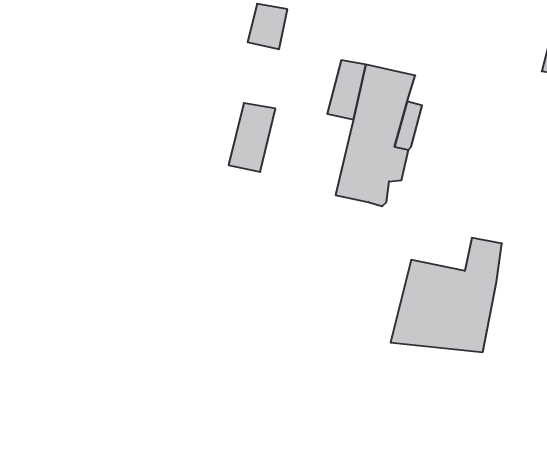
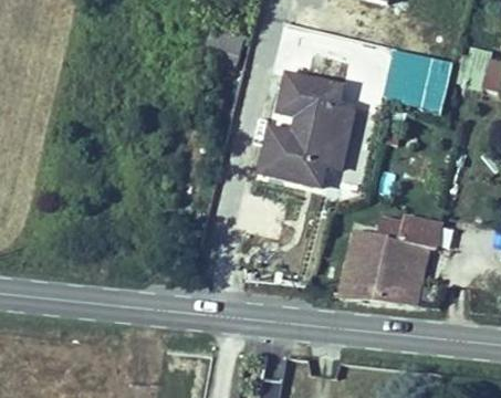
building: [229,103,275,172] -> [263,123,301,178]

